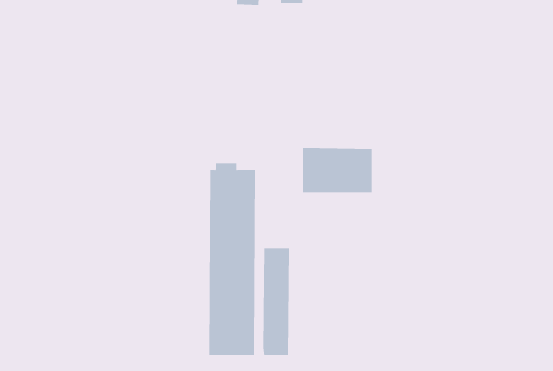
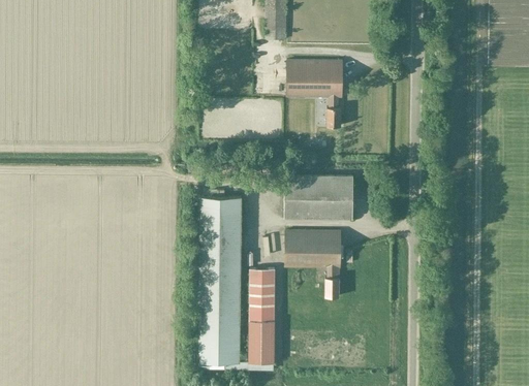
building: none -> [286,59,342,125]
building: none -> [284,230,340,296]

